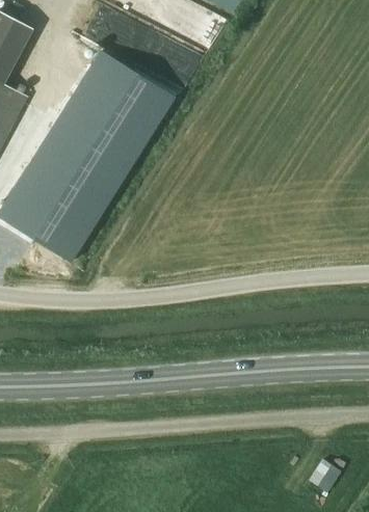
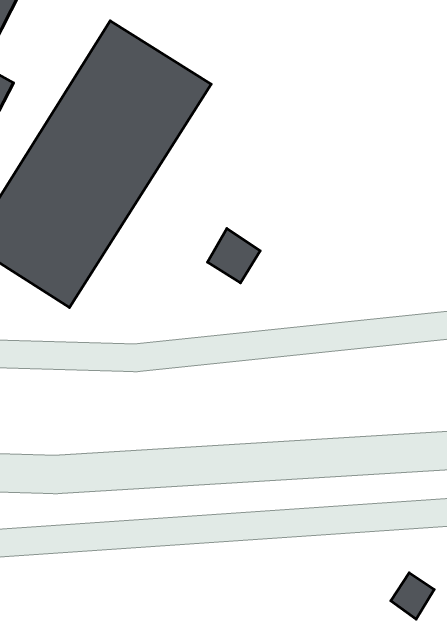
building: none -> [208,229,260,283]

